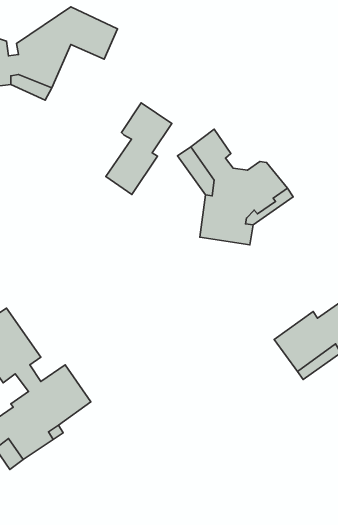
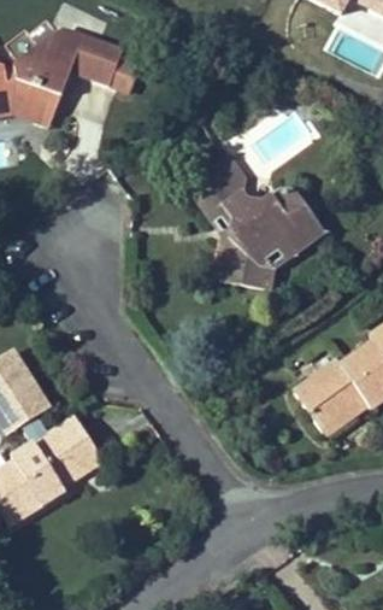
building: [106,103,172,194] -> none

